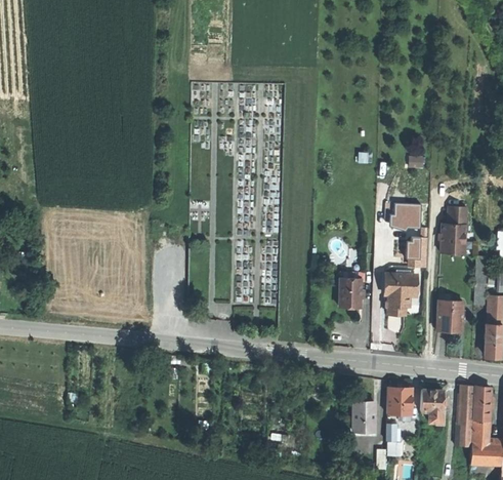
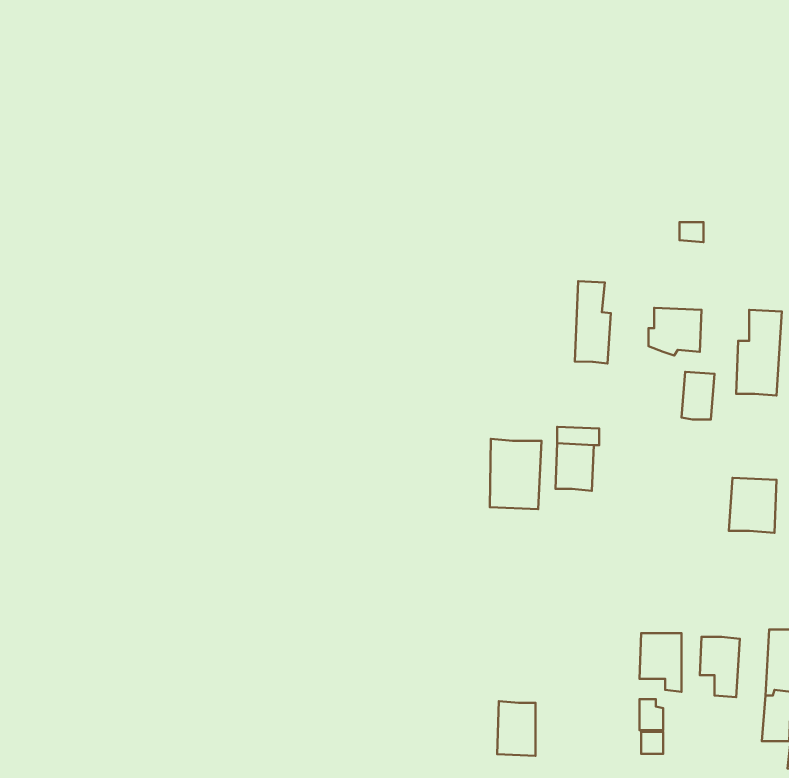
building: none -> [575,281,611,363]
building: [385,273,416,315] -> none
building: none -> [490,439,541,509]
building: [353,400,375,431] -> [497,701,535,756]

